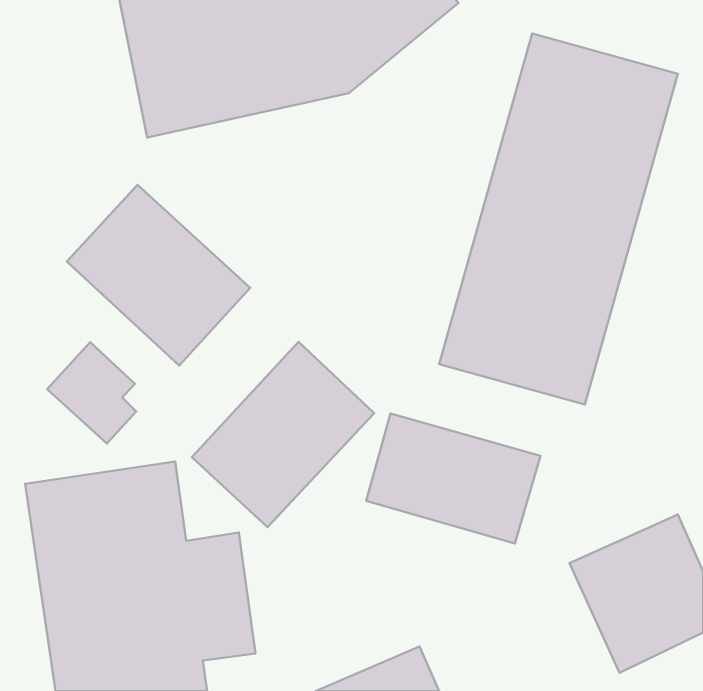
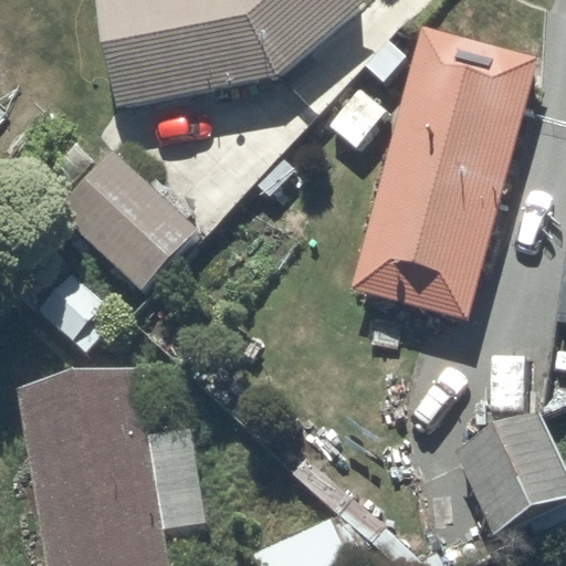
building: [192,342,374,527] -> none
building: [366,413,541,544] -> none

